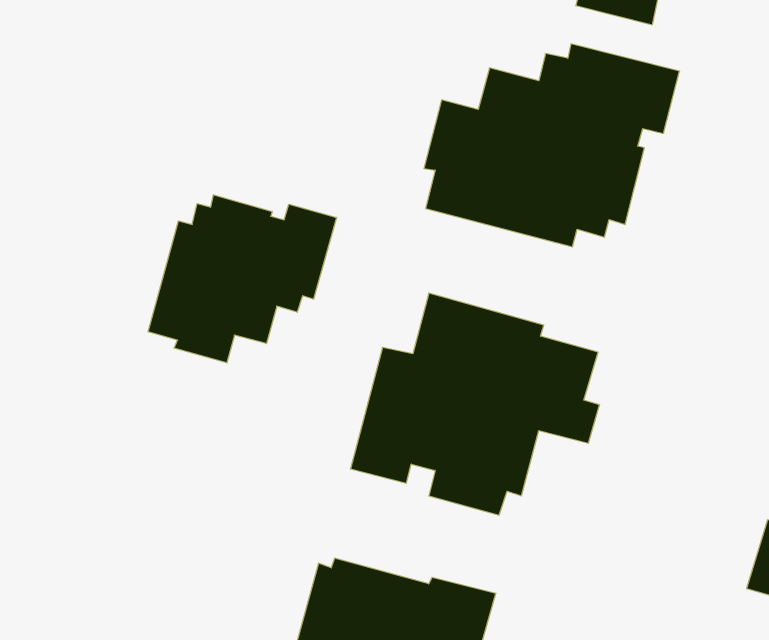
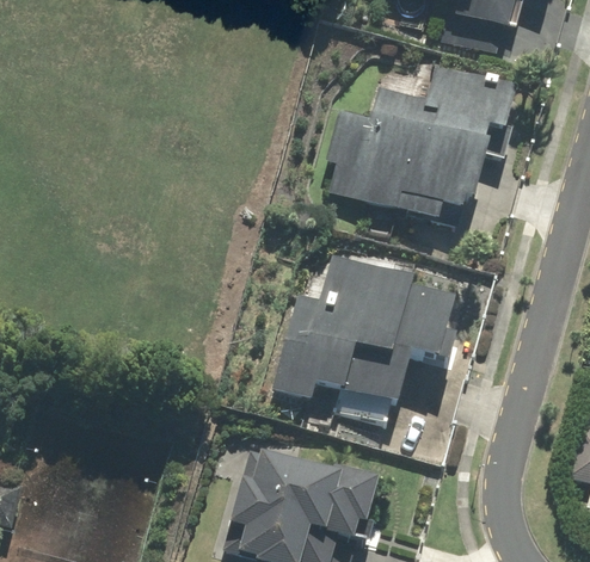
building: [148,195,337,363] -> none

